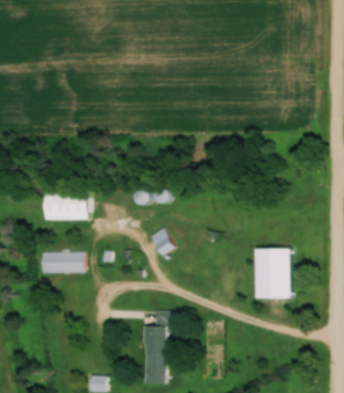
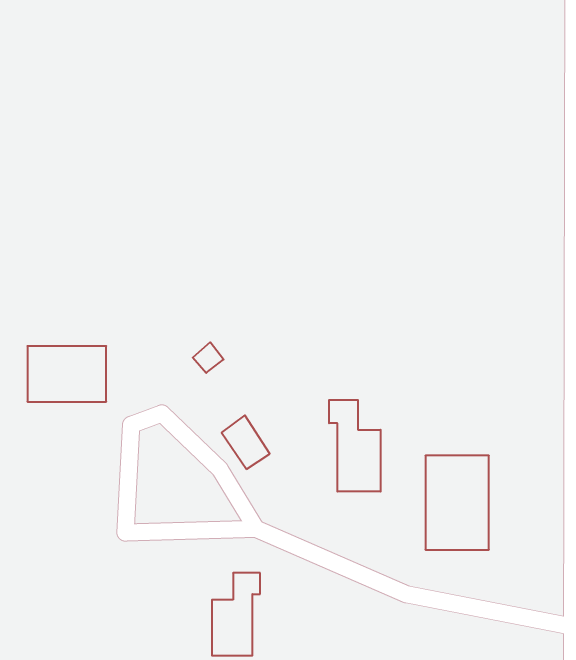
building: none -> [329,400,381,492]
building: [39,253,81,273] -> none

